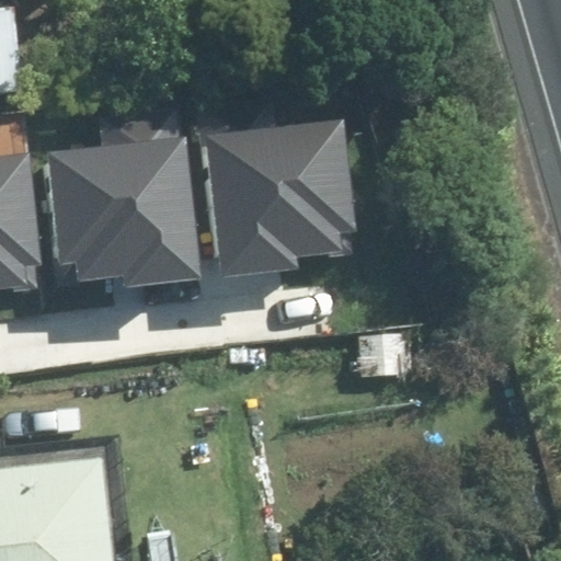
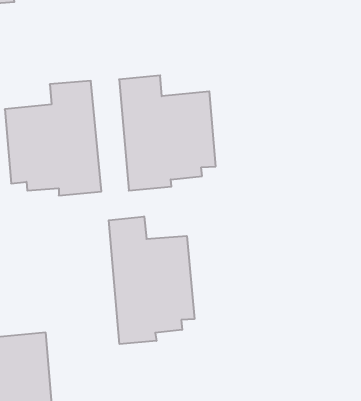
building: none -> [109,216,194,344]

